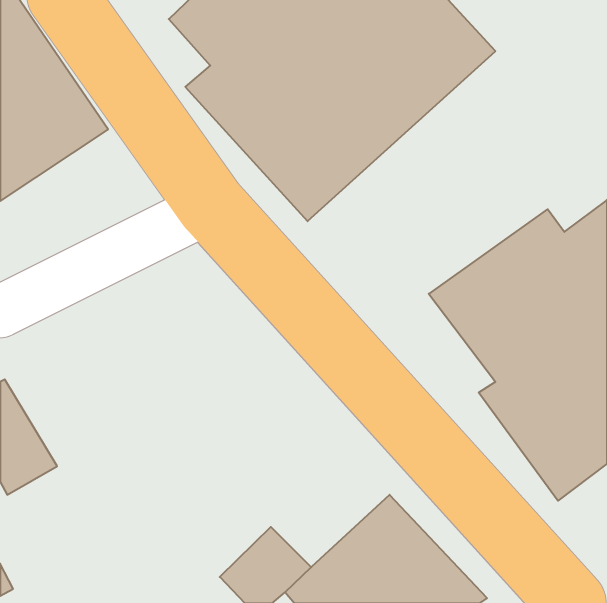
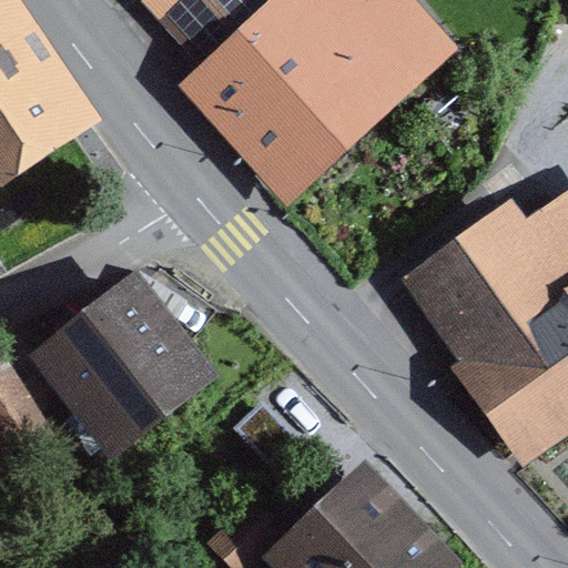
building: none -> [27,270,219,460]

